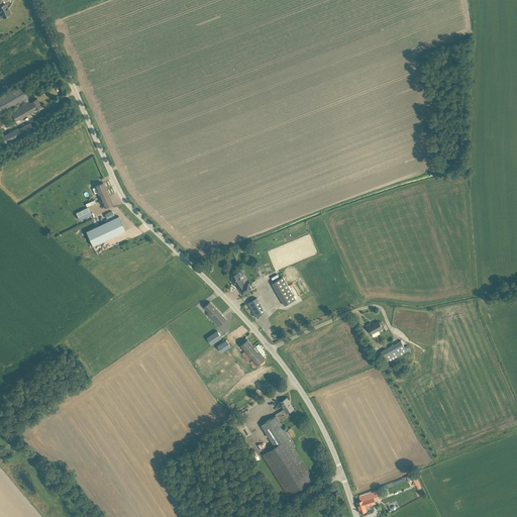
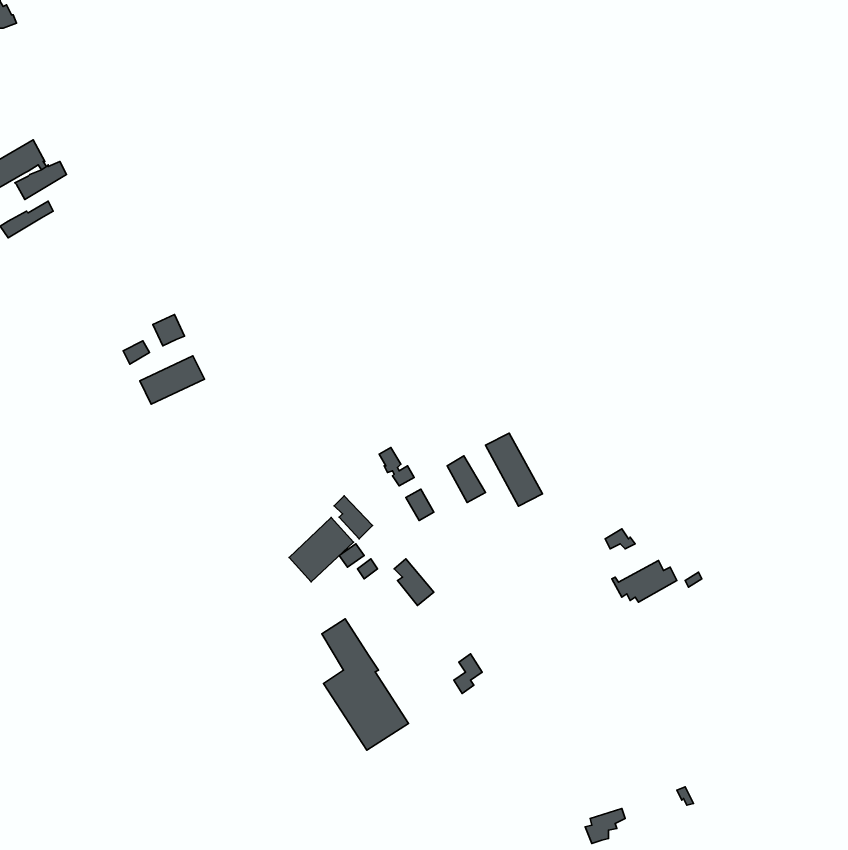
building: none -> [485,433,543,506]
building: none -> [289,518,353,582]
building: [261,415,313,495] -> [322,619,408,750]

